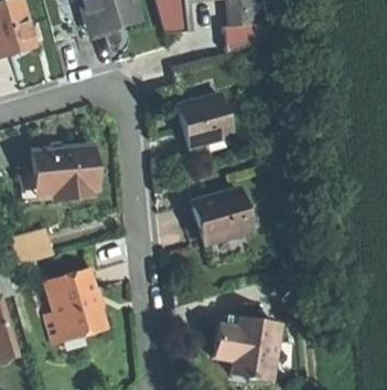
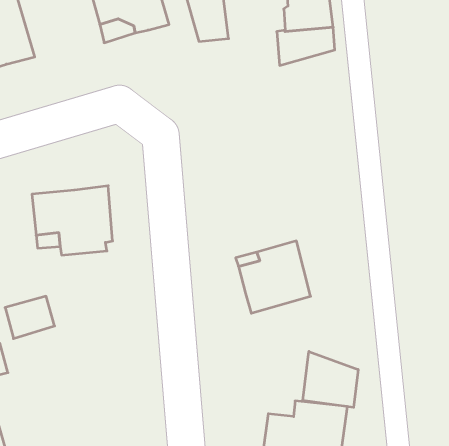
building: [179,95,233,147] -> none
building: [46,271,107,344] -> none
building: none -> [303,351,358,407]

